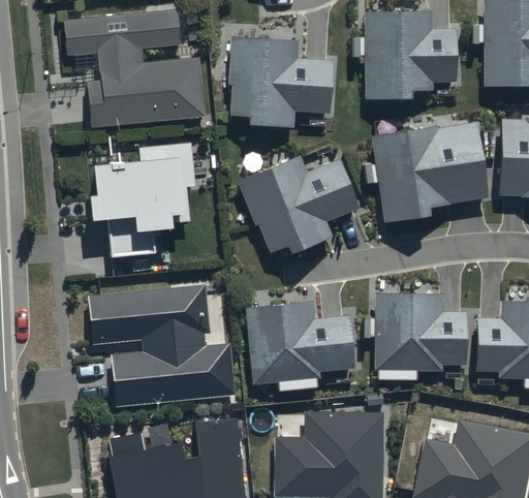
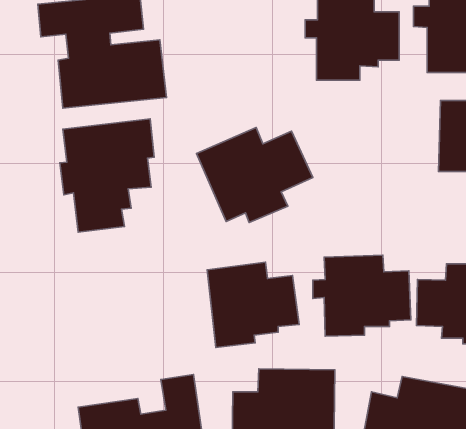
building: [226,38,336,128] -> none
building: [375,125,487,225] -> none
building: [89,284,235,406] -> none

